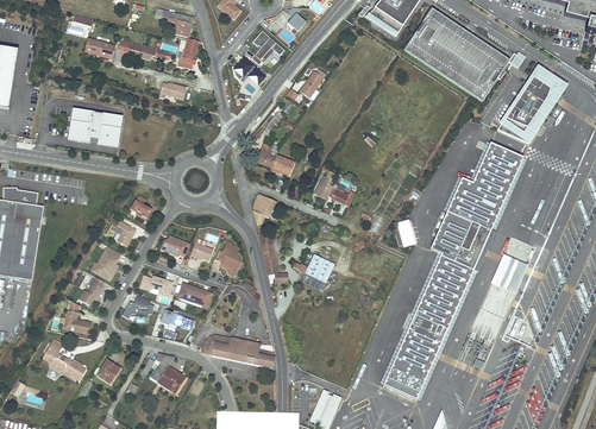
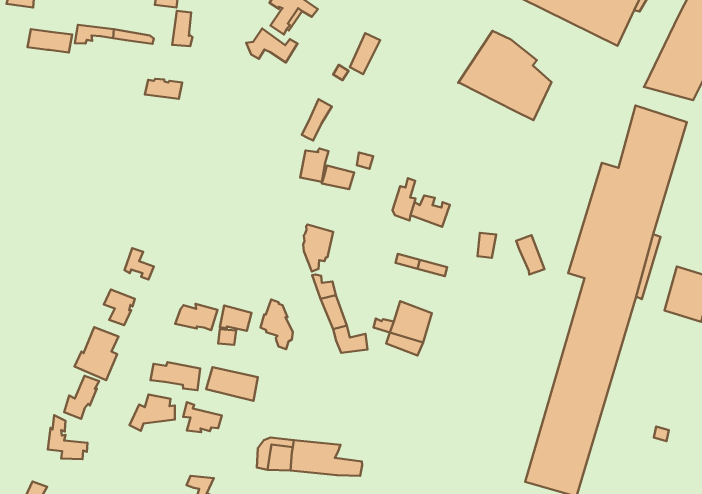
building: none -> [458,31,552,120]
building: [68,109,121,146] -> none

